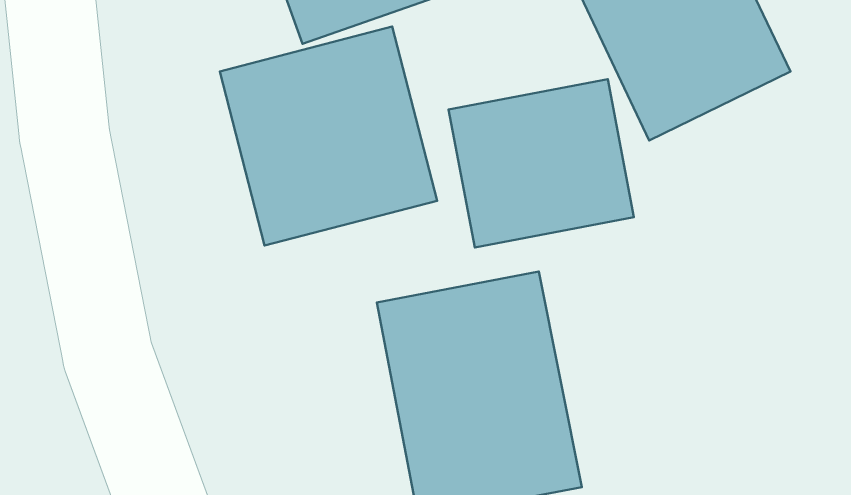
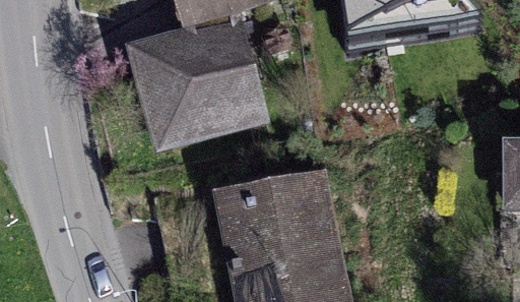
building: [449,79,634,248] -> none

